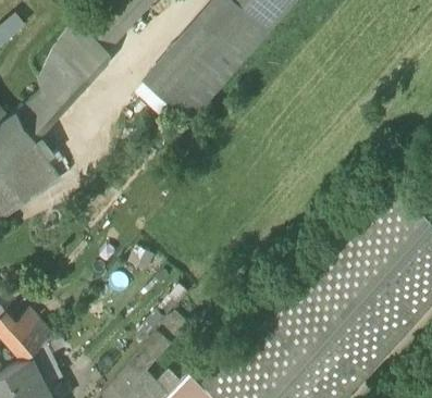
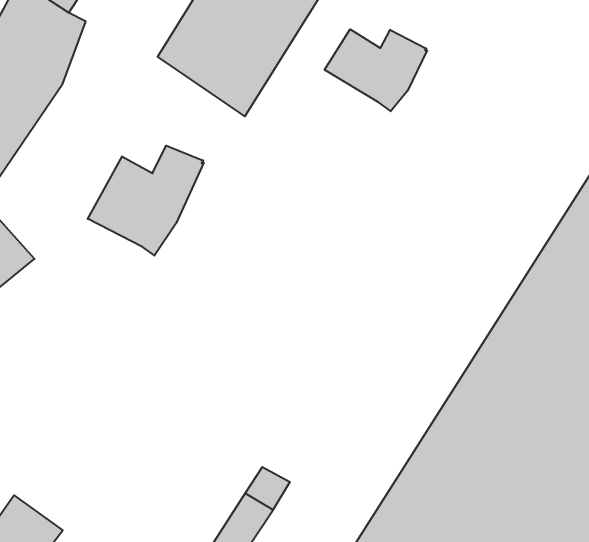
building: none -> [325,29,427,111]
building: none -> [88,146,204,256]

